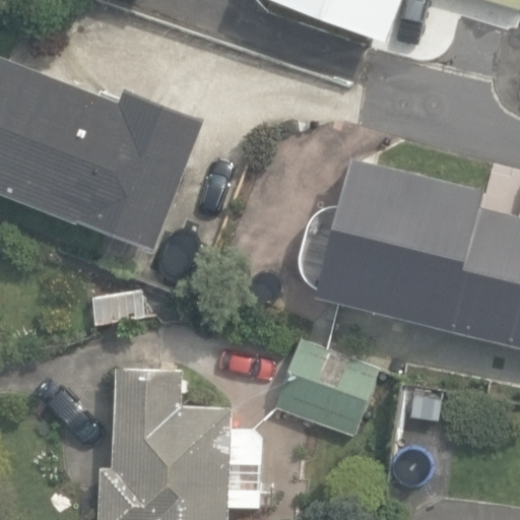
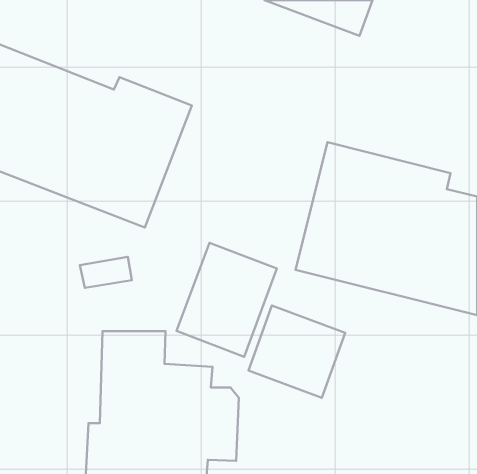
building: none -> [177,243,277,357]

